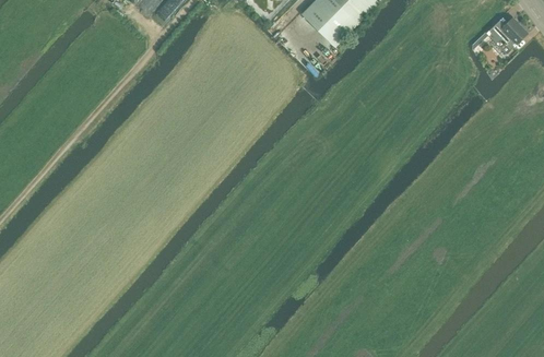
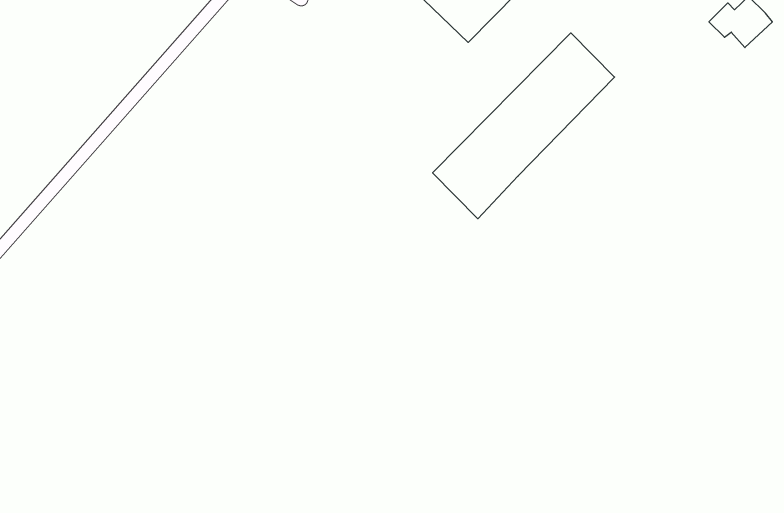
building: none -> [433,33,615,219]

